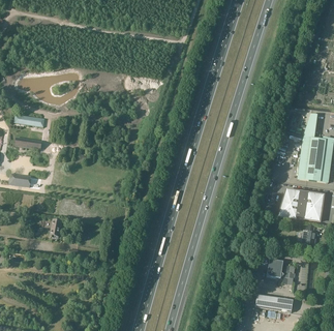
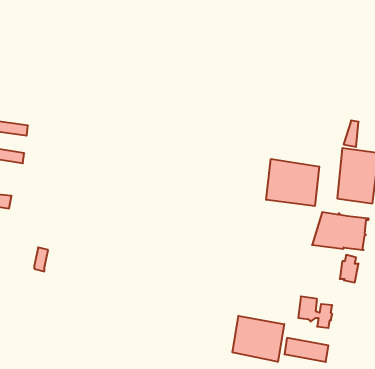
building: none -> [266,159,319,206]
building: none -> [232,316,284,362]

